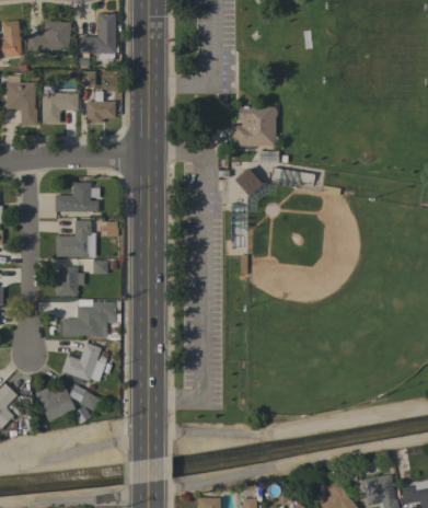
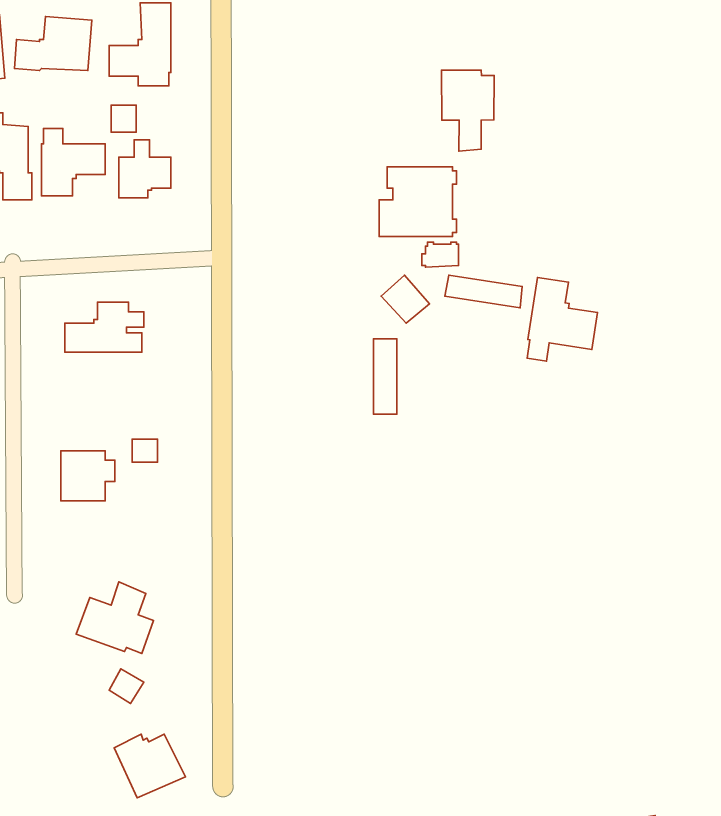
building: none -> [442,70,494,151]
building: none -> [527,277,598,361]
building: [56,220,94,256] -> none
building: [61,301,115,336] -> none
building: [35,385,76,422] -> [114,734,186,798]

